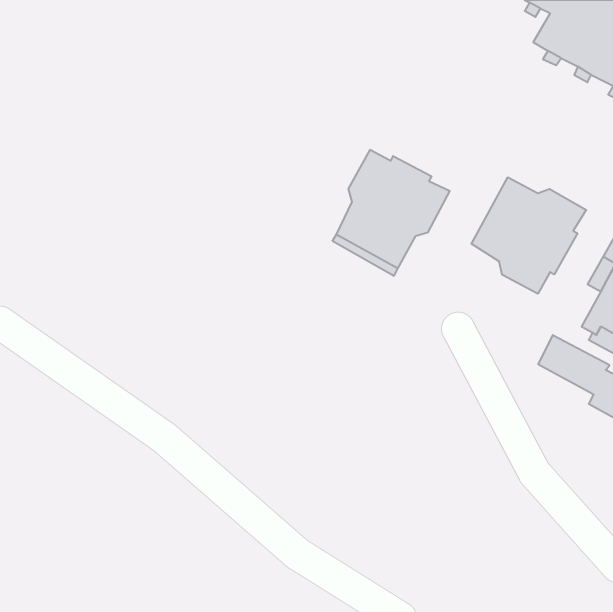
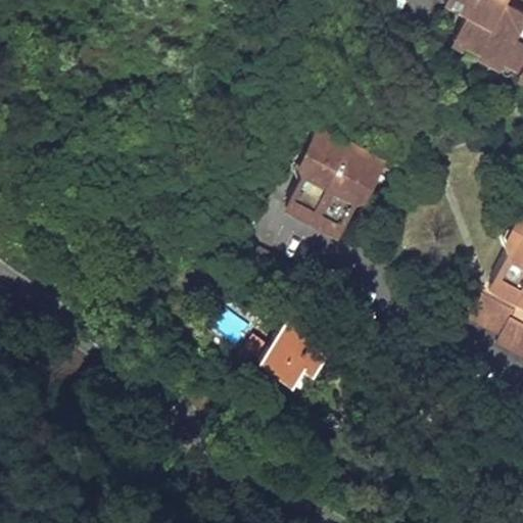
building: [471,177,586,294] -> none
building: none -> [248,326,331,387]

